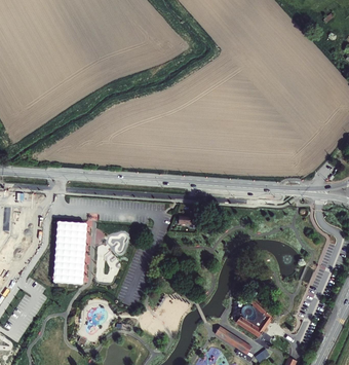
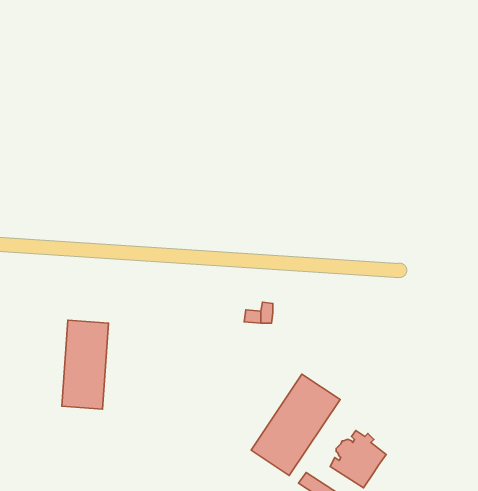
building: none -> [251,374,340,476]

